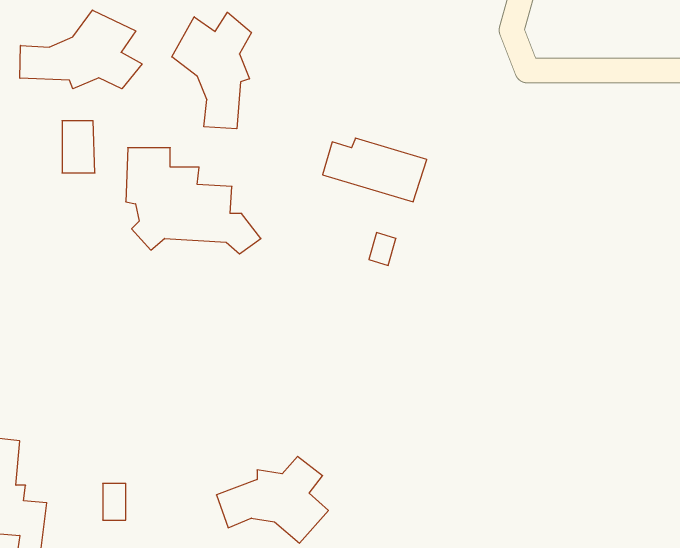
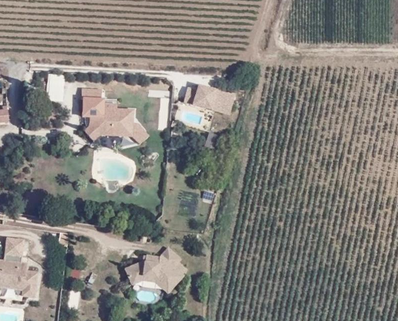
building: [20,10,142,89] -> none
building: [172,12,251,129] -> none

